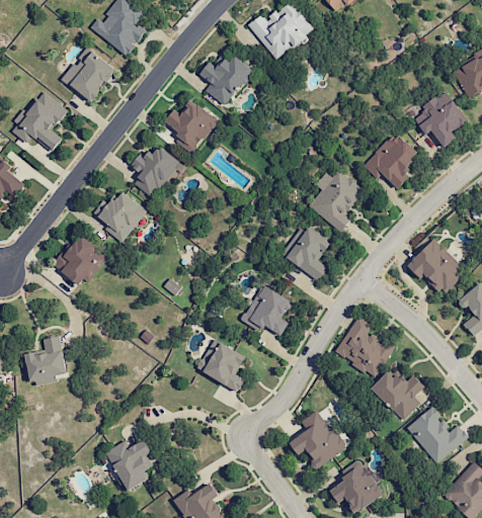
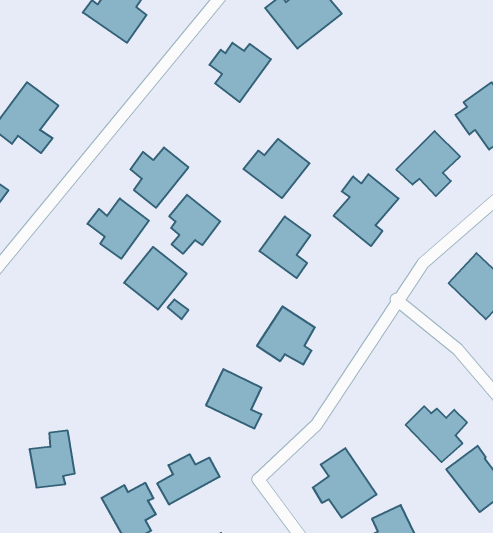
building: [62,47,115,101] -> none
building: [161,99,219,151] -> [243,139,310,198]
building: none -> [169,195,220,254]
building: [286,227,330,280] -> [259,216,310,278]
building: [54,233,108,287] -> [124,247,187,310]
building: [334,315,394,377] -> none
building: [26,336,66,385] -> [29,431,75,488]
building: none -> [157,454,220,505]

